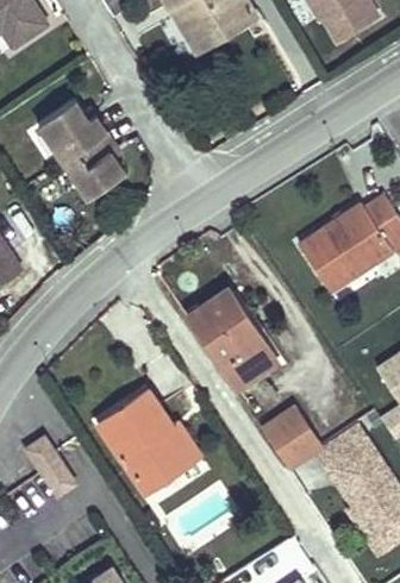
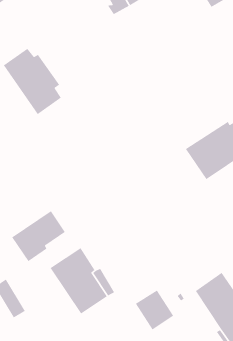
building: [192,290,265,377] -> none
building: none -> [11,210,66,262]
building: [257,396,314,456] -> [135,289,174,330]

